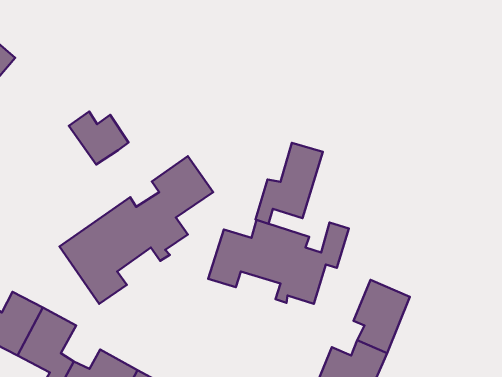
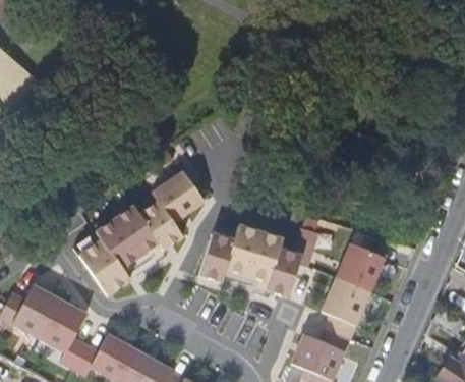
building: [69,112,129,165] -> none
building: [256,143,323,224] -> none
building: none -> [337,241,385,289]

